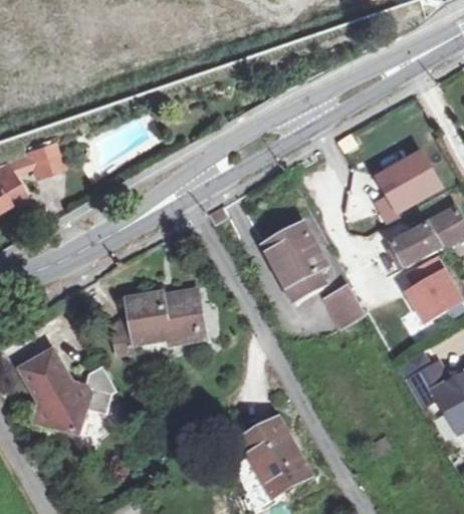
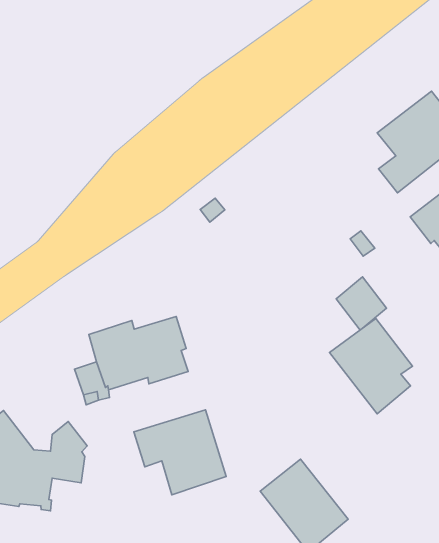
building: [264,225,327,299] -> [329,319,413,414]
building: none -> [134,410,226,495]

